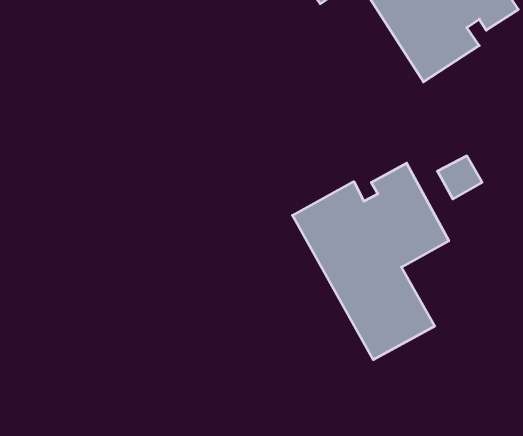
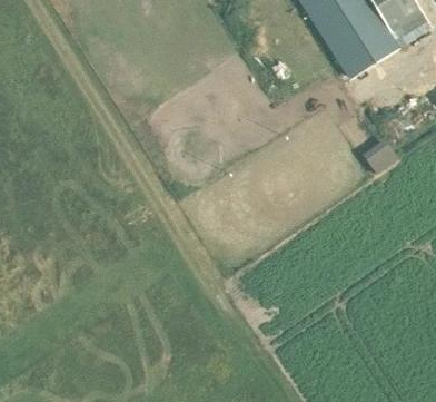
building: [292,163,449,360] -> none

